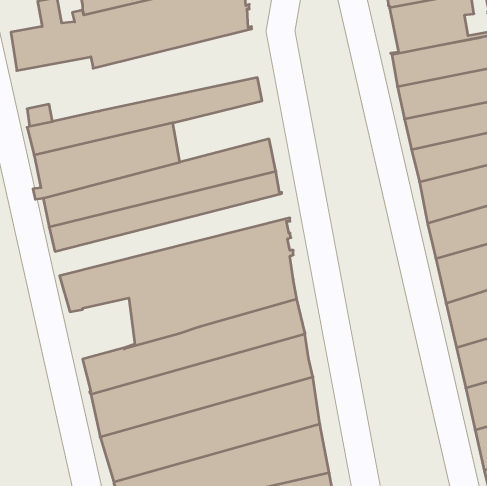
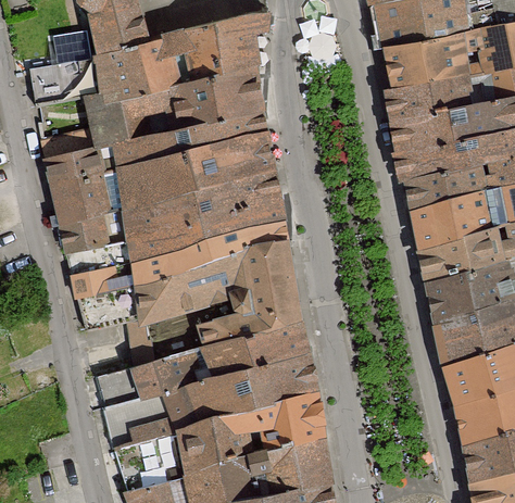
building: none -> [36,66,262,144]
building: none -> [183,134,273,191]
building: none -> [72,221,292,298]

